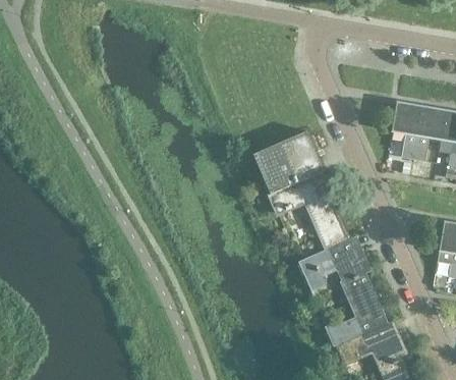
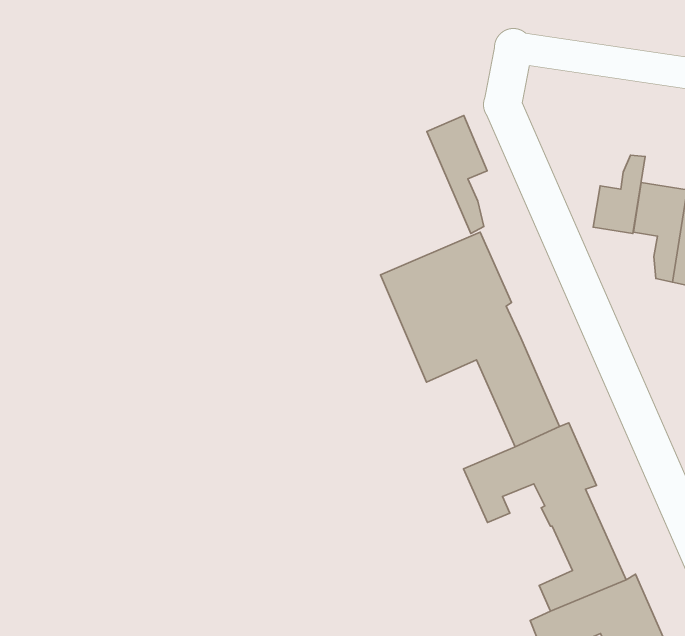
building: none -> [427,115,487,234]
building: none -> [593,155,645,234]

